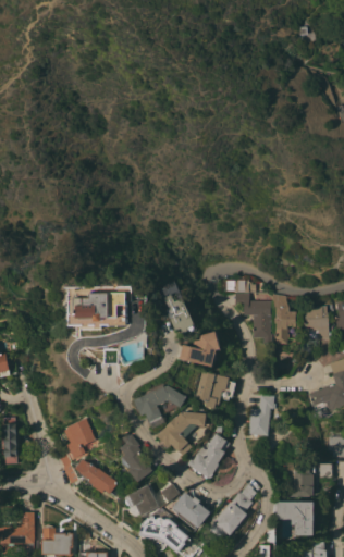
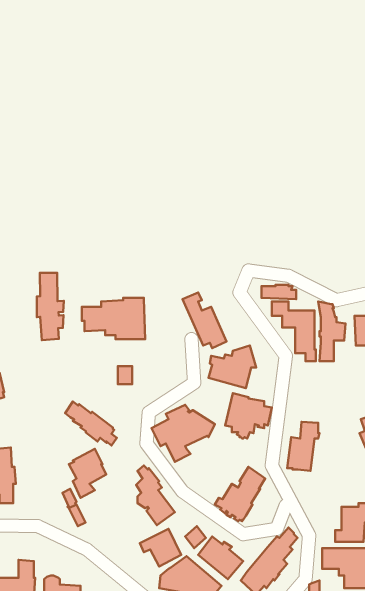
building: none -> [37,273,64,340]
building: [156,411,206,455] -> none
building: [75,459,119,496] -> [65,402,117,445]

